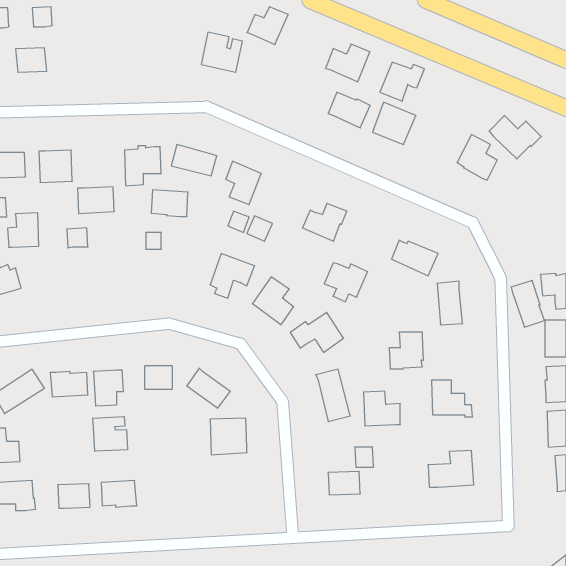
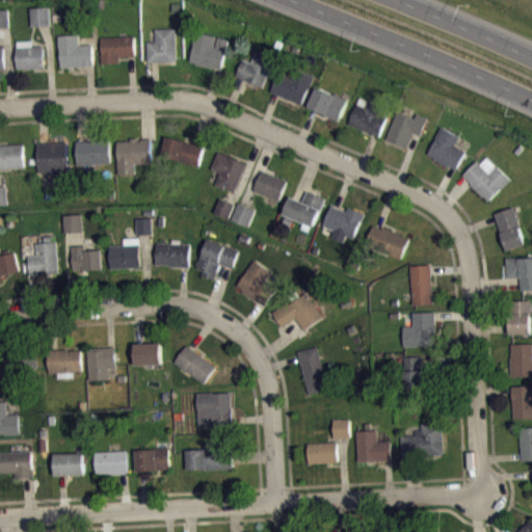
building: [247,7,288,45] -> [235,53,273,88]
building: none -> [145,29,175,62]
building: none -> [57,35,92,68]
building: none -> [100,36,133,64]
building: [326,44,370,82] -> [270,70,312,105]
building: [380,62,424,101] -> [385,112,427,149]
building: [489,115,541,159] -> [461,161,510,202]
building: none -> [252,171,286,202]
building: [78,187,114,214] -> [75,141,109,166]
building: [151,190,188,217] -> [155,243,189,268]
building: [8,213,39,247] -> [28,242,57,274]
building: none -> [108,244,140,269]
building: none -> [72,245,102,271]
building: [324,263,368,302] -> [322,207,363,243]
building: [511,280,544,327] -> [494,208,525,251]
building: [389,332,424,369] -> [402,313,434,347]
building: [364,391,400,426] -> [355,430,390,462]
building: [93,417,127,451] -> none
building: none -> [135,448,168,473]
building: none -> [186,448,232,471]

